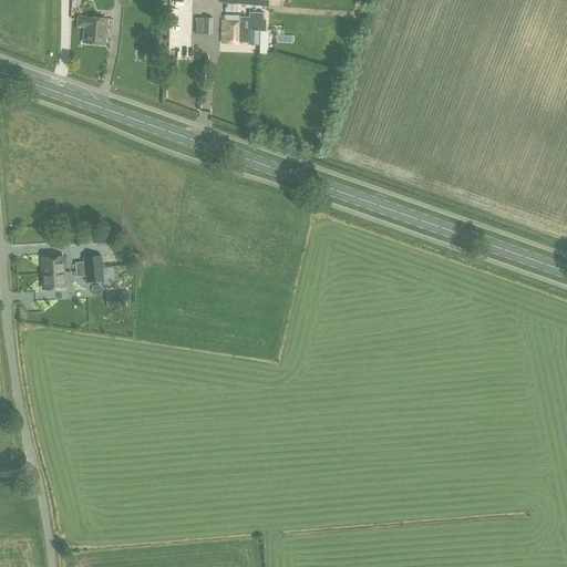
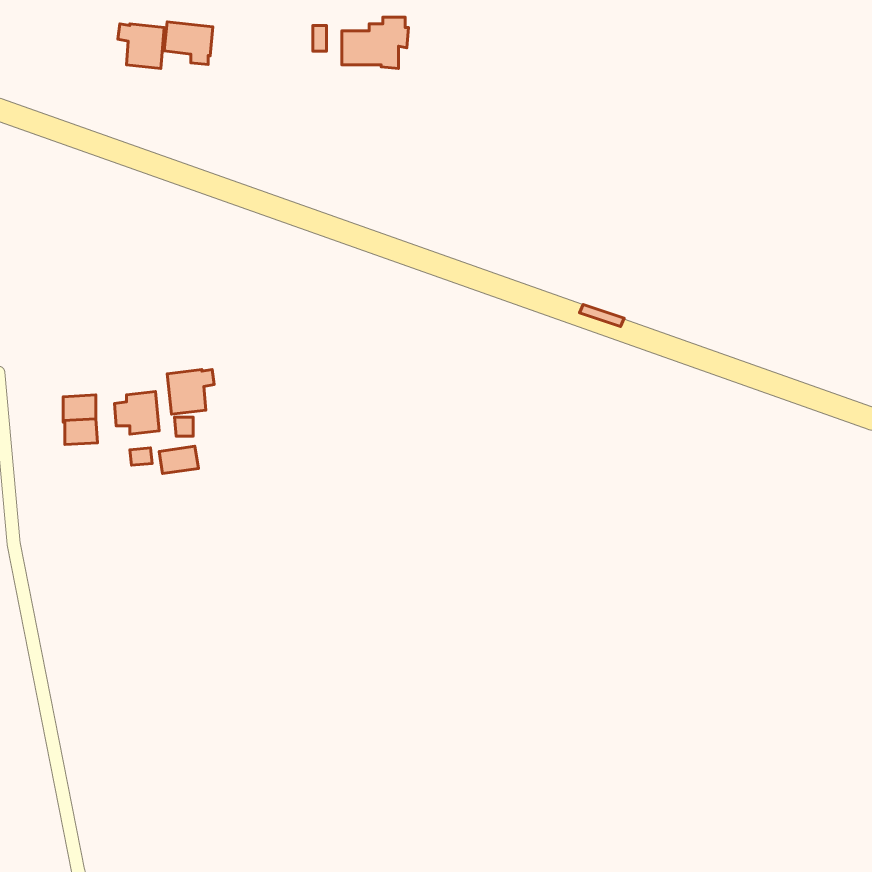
building: none -> [164,22,213,64]
building: none -> [167,369,214,414]

